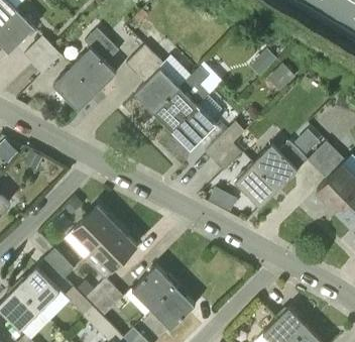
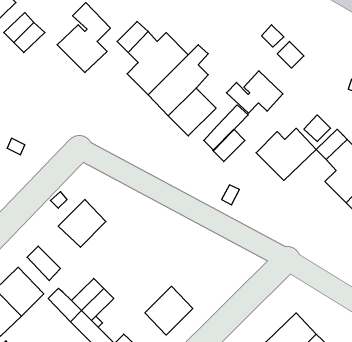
building: [53,67,97,111] -> none
building: none -> [226,71,283,113]
building: [234,164,277,208] -> none
building: [93,227,135,270] -> none
building: [126,266,175,316] -> none

